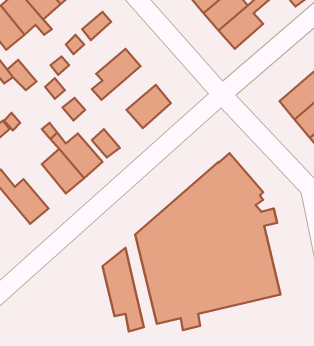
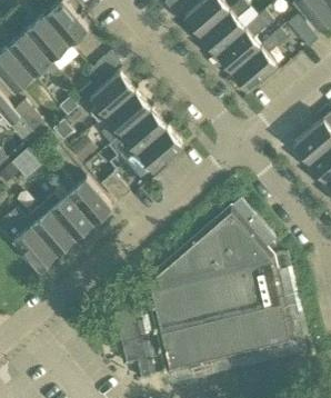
building: none -> [90,72,136,123]
building: none -> [109,109,167,171]
building: none -> [27,203,74,255]

